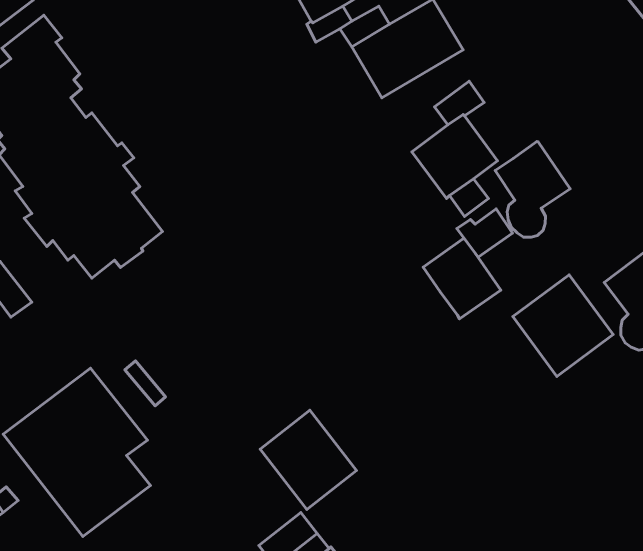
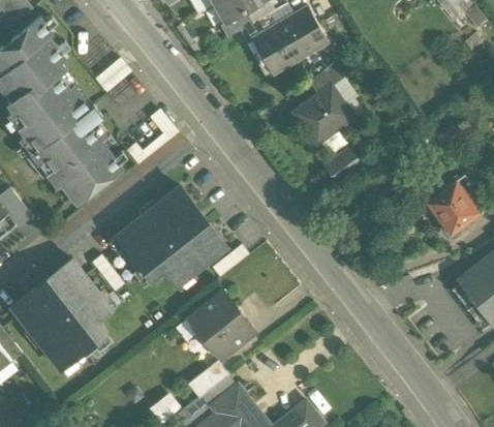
building: [495,141,570,237] -> none
building: [423,238,501,319] -> none
building: none -> [107,186,226,289]
building: [513,275,613,376] -> none

